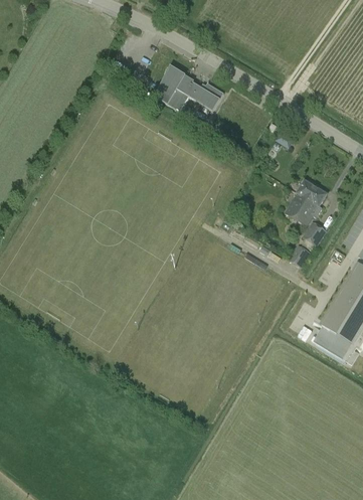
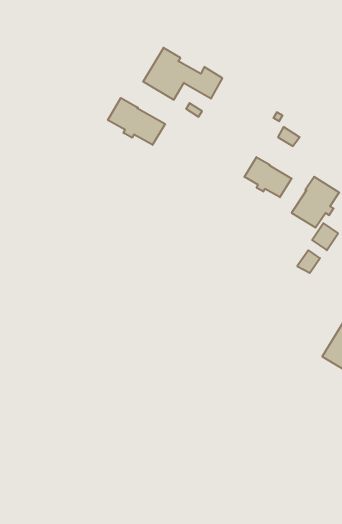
building: none -> [108,98,165,145]
building: none -> [244,157,292,197]

